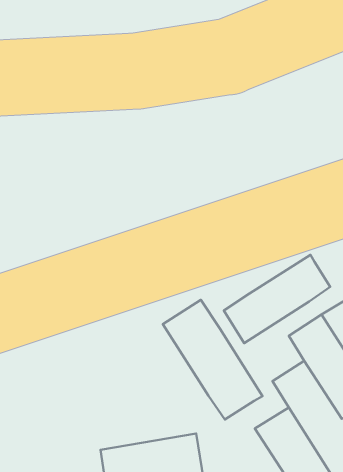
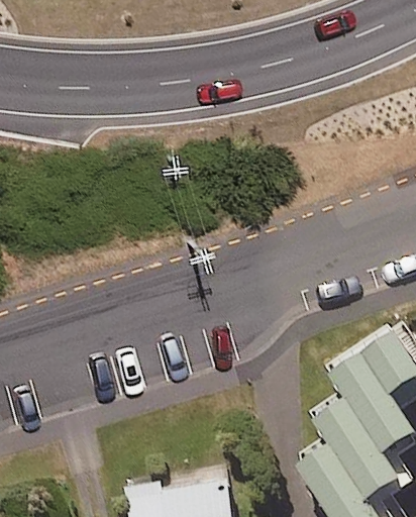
building: [224,255,330,343] -> none
building: [163,300,263,419] -> none

